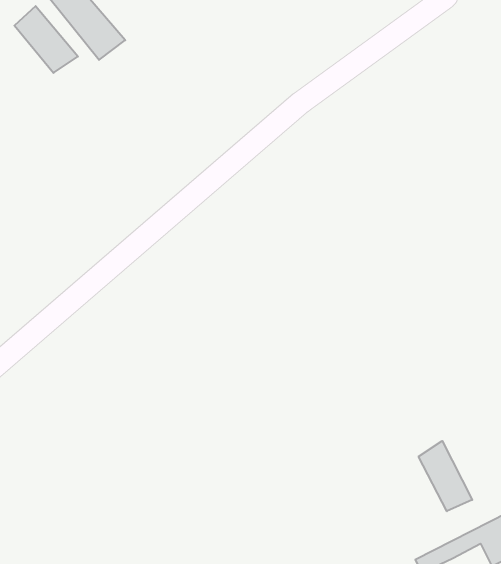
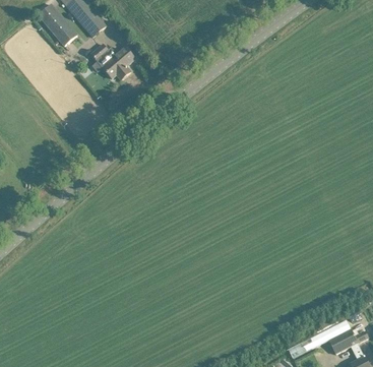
building: none -> [90,45,134,79]
building: [419,441,472,511] -> none

